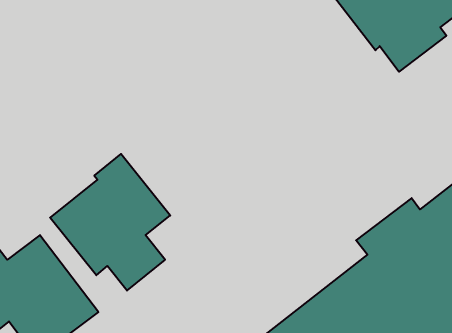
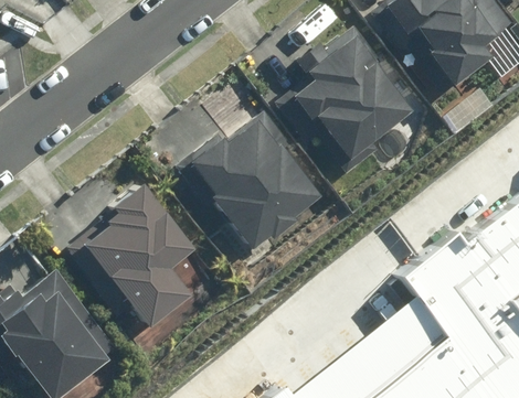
building: none -> [288,33,422,176]
building: none -> [186,111,330,252]

